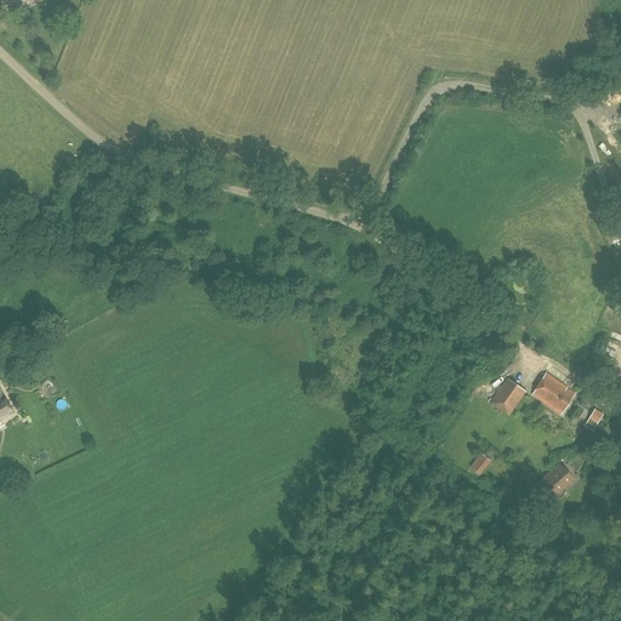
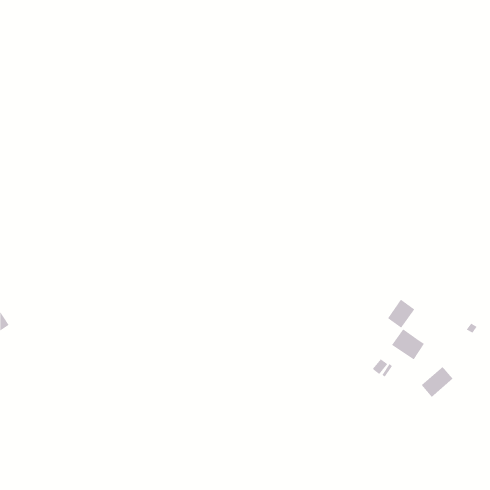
building: [531,372,574,412] -> [391,329,425,360]

